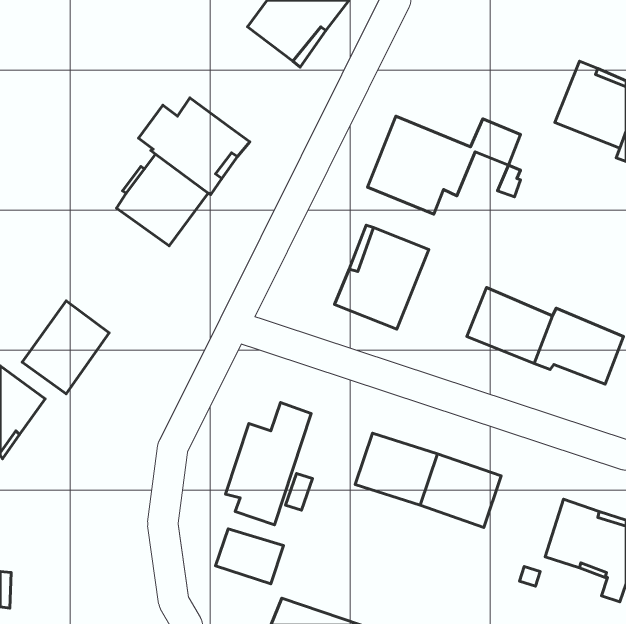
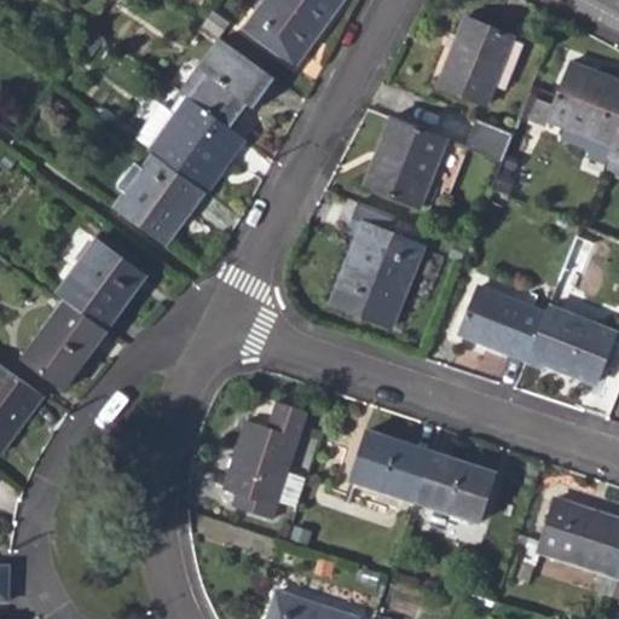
building: none -> [439,18,513,104]
building: none -> [180,40,274,128]
building: none -> [58,238,147,330]
building: [215,529,283,584] -> none

